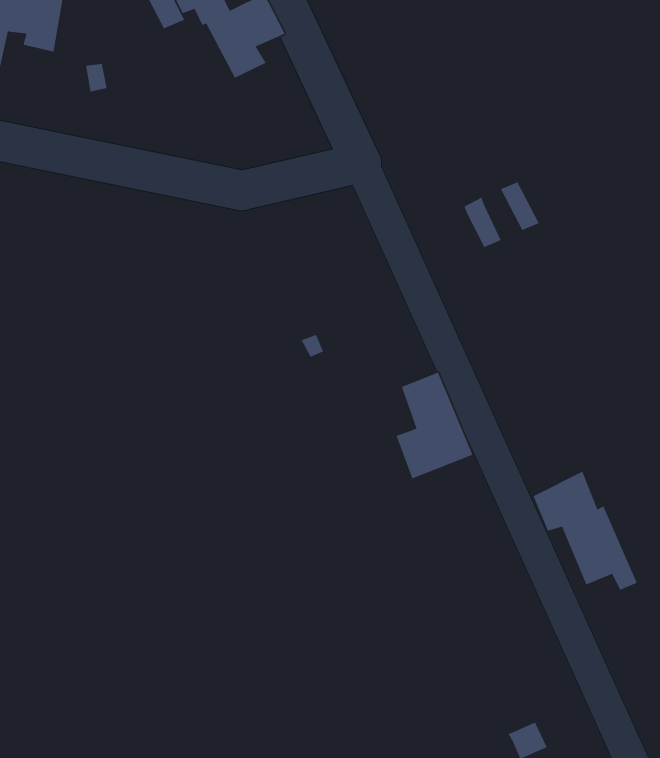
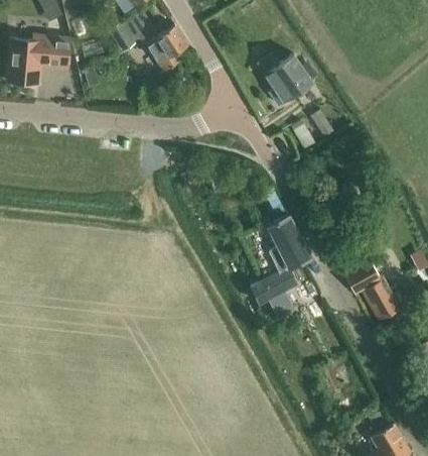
building: none -> [258,54,312,106]
building: none -> [251,269,298,318]

